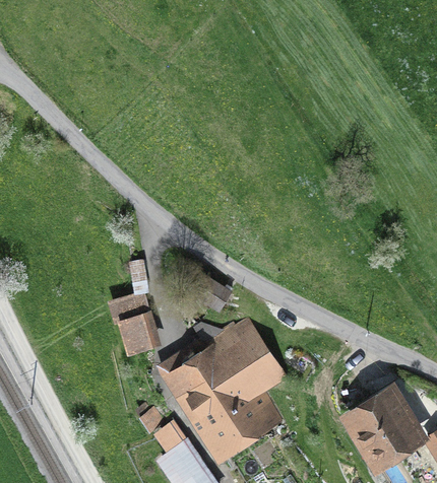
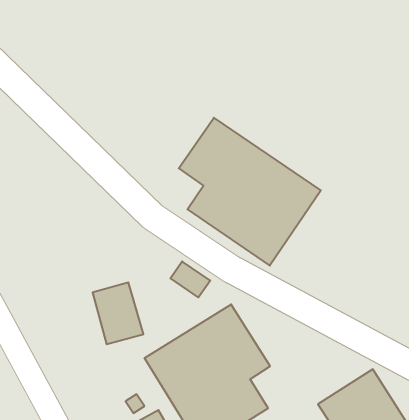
building: none -> [179,118,321,266]

